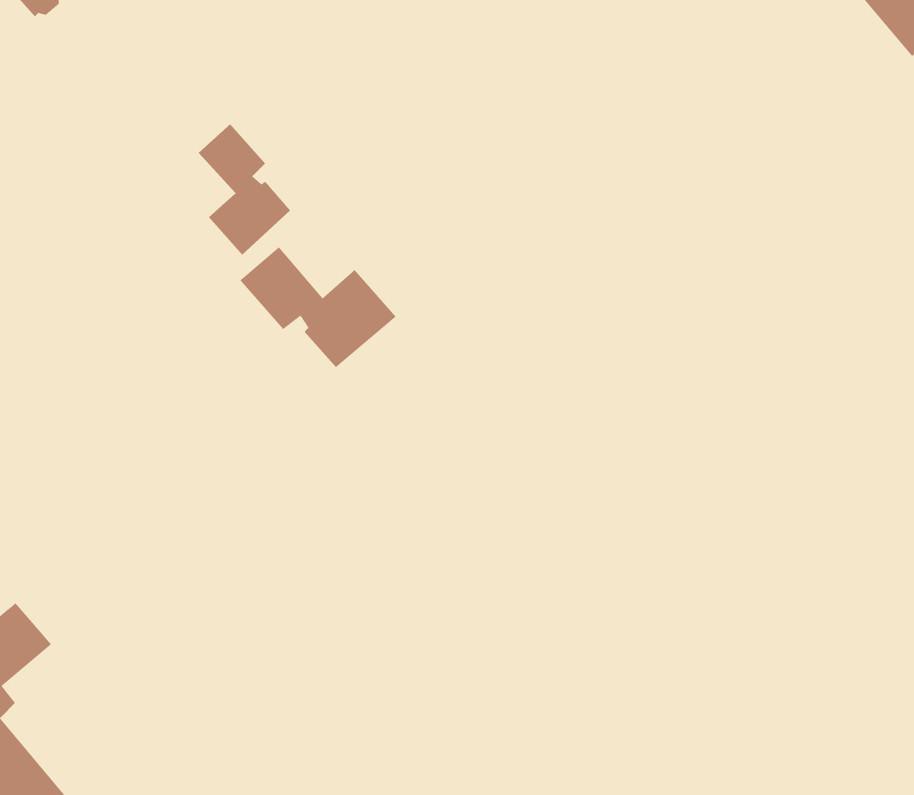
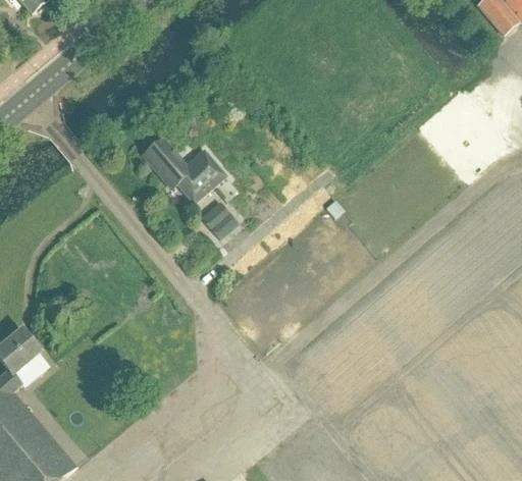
building: [198,123,291,256] -> none
building: none -> [202,201,240,239]

